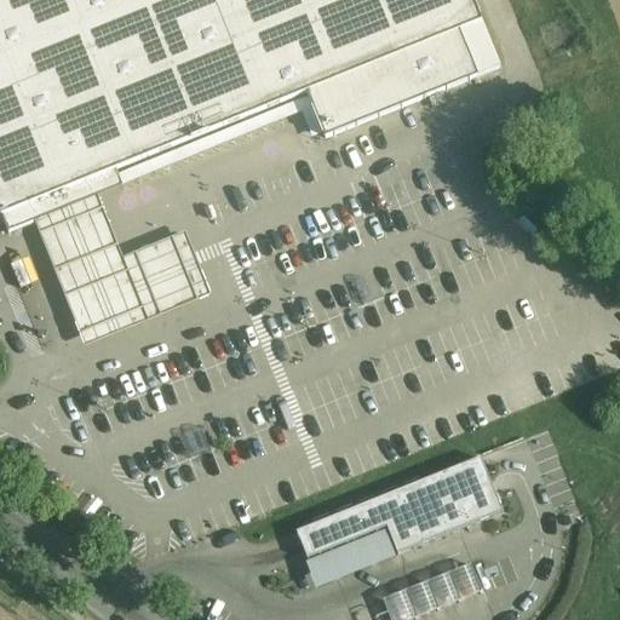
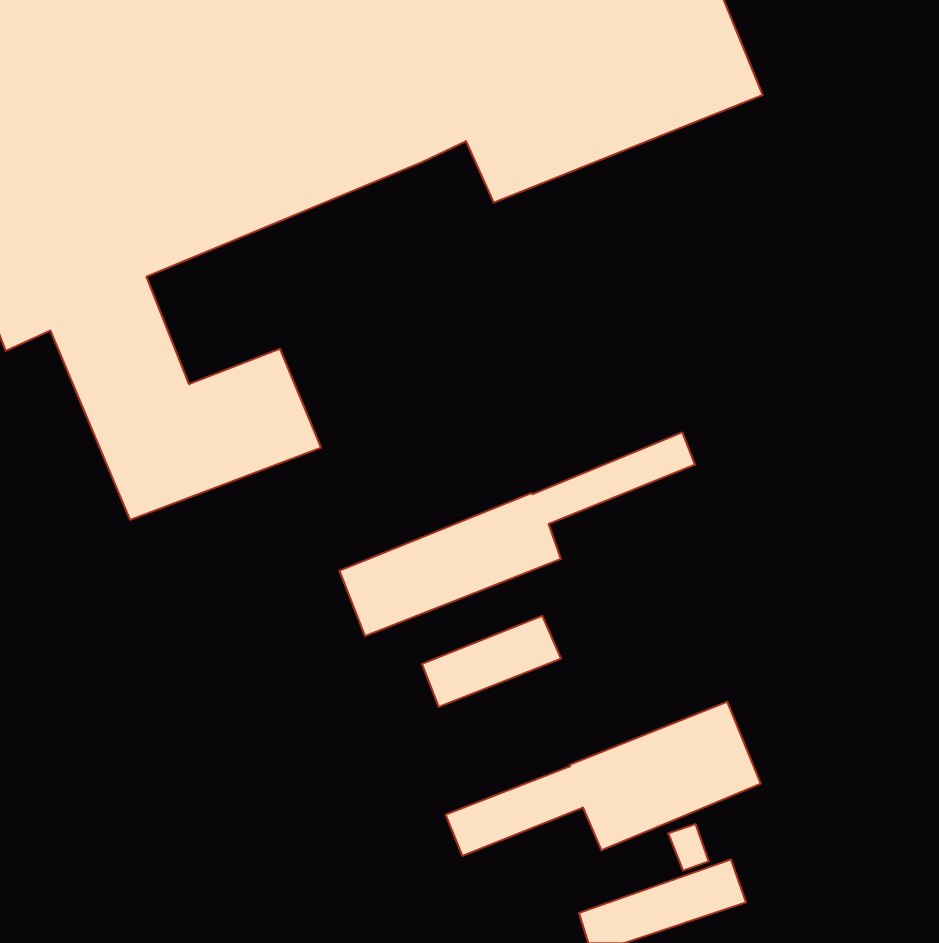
building: none -> [339,432,695,636]
building: [302,527,392,586] -> [422,616,561,707]

